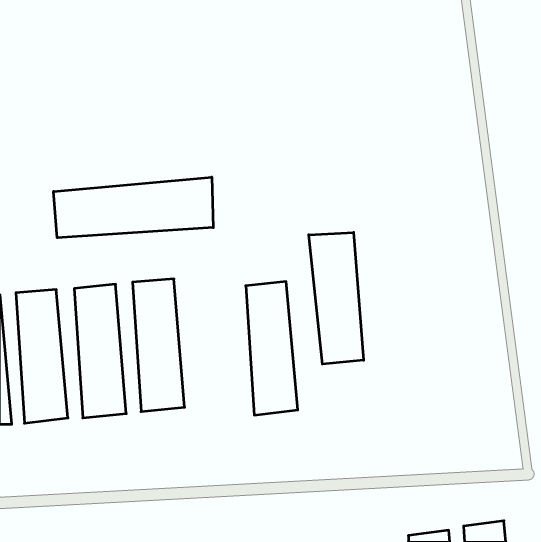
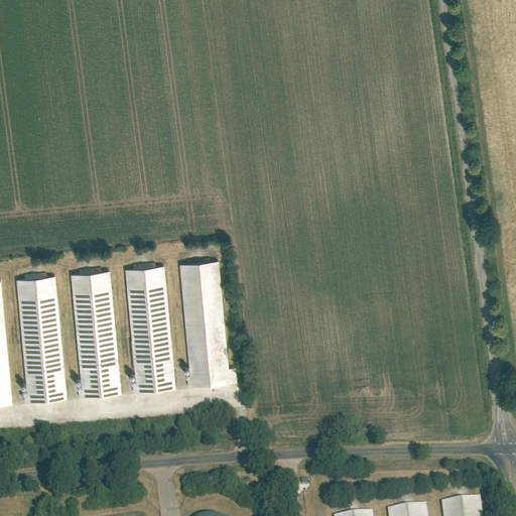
building: [54,177,213,238] -> none
building: [309,232,364,364] -> none
building: [246,282,298,415] -> [179,260,229,387]

